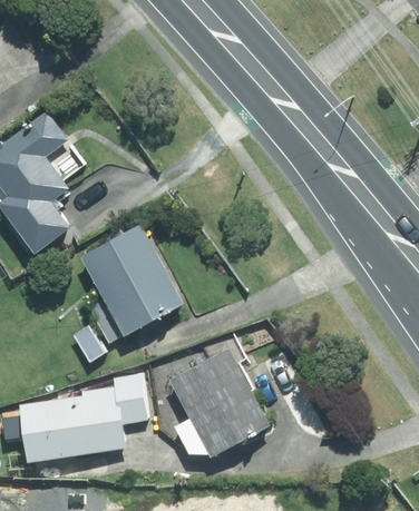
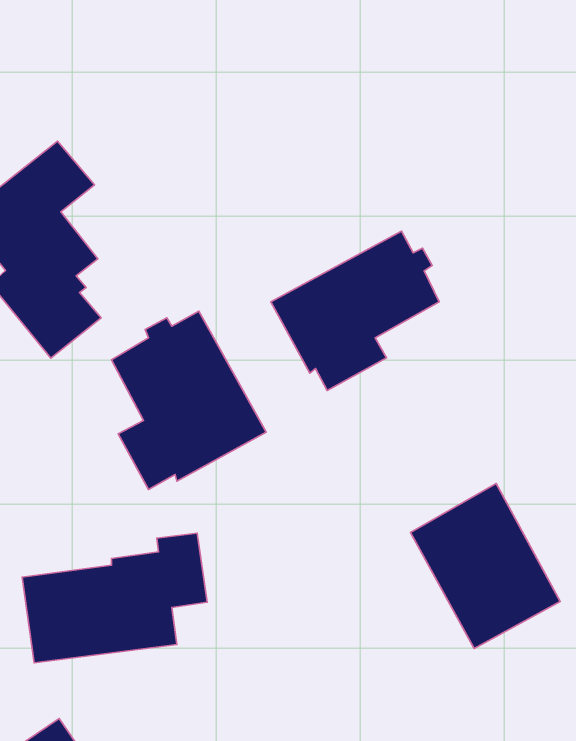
building: none -> [271,231,439,390]
building: [169,345,269,454] -> [410,484,560,649]

